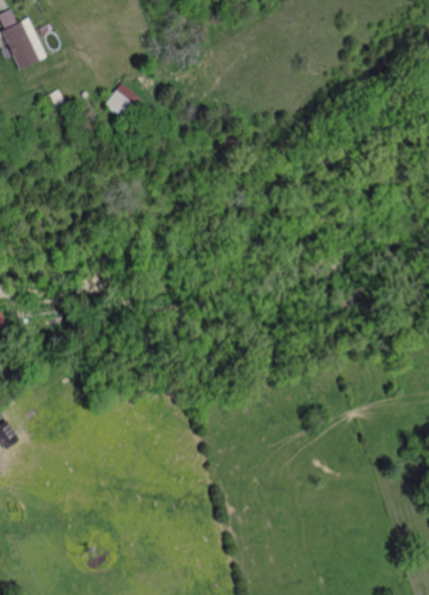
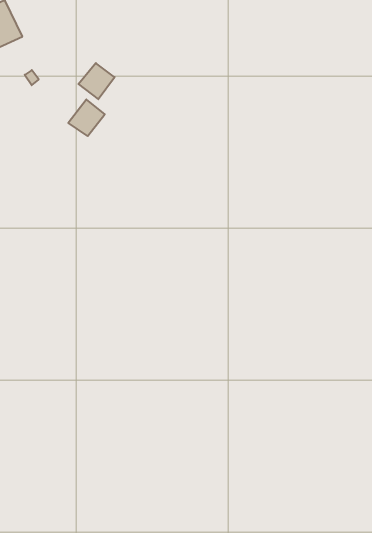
building: none -> [68,99,105,136]

